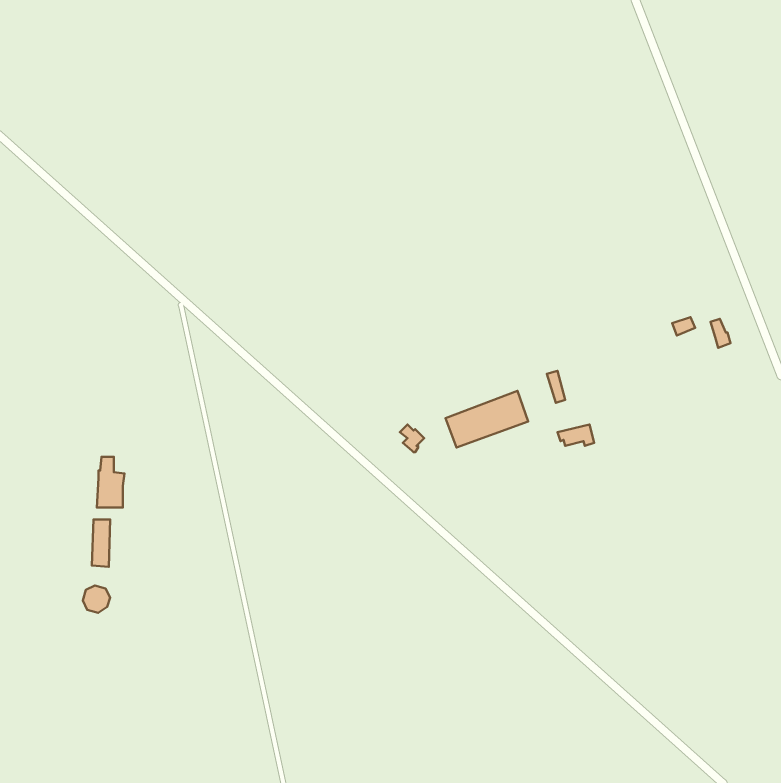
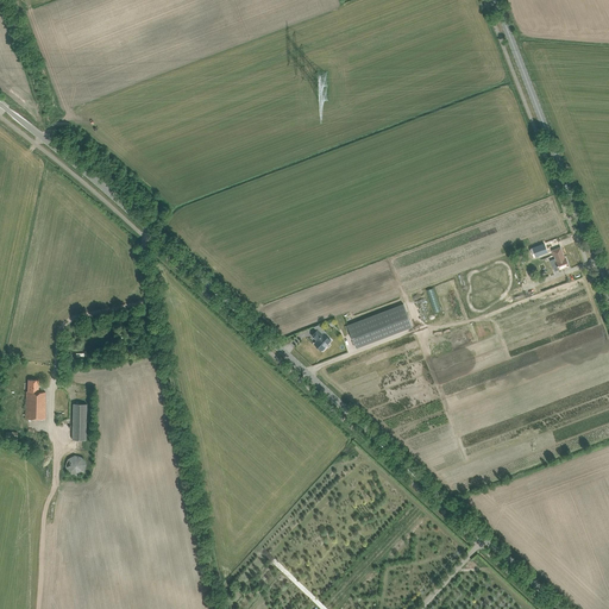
building: [97,457,125,507] -> [24,379,45,419]

